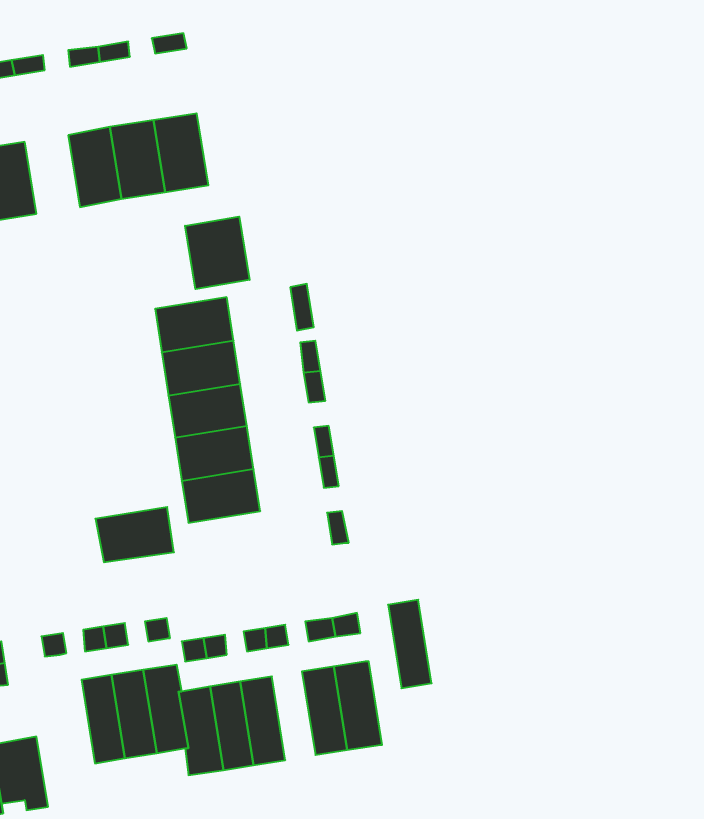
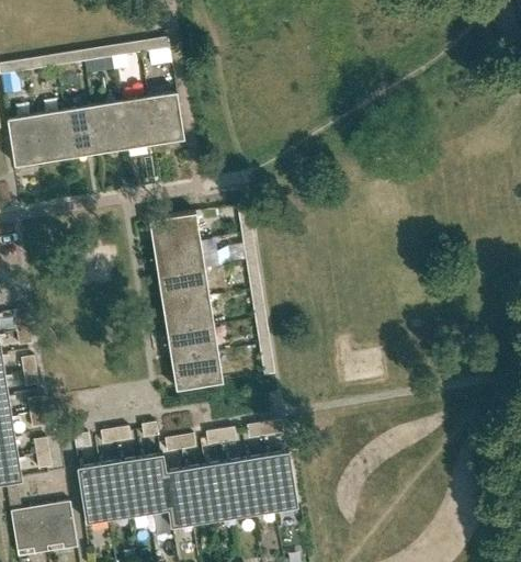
building: none -> [63,106,99,158]
building: [185,217,250,289] -> none
building: [95,507,174,562] -> [170,353,222,390]
building: [388,600,432,688] -> [225,459,253,517]
building: none -> [77,464,109,522]

